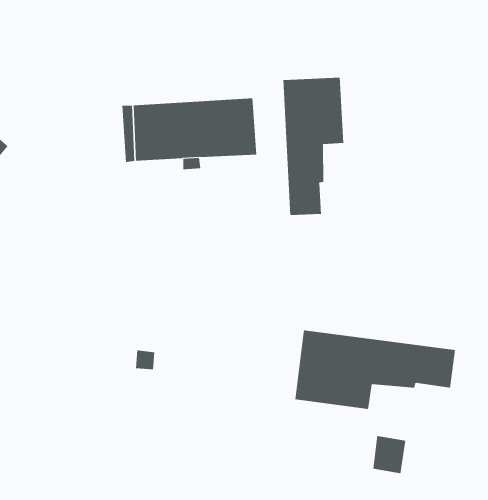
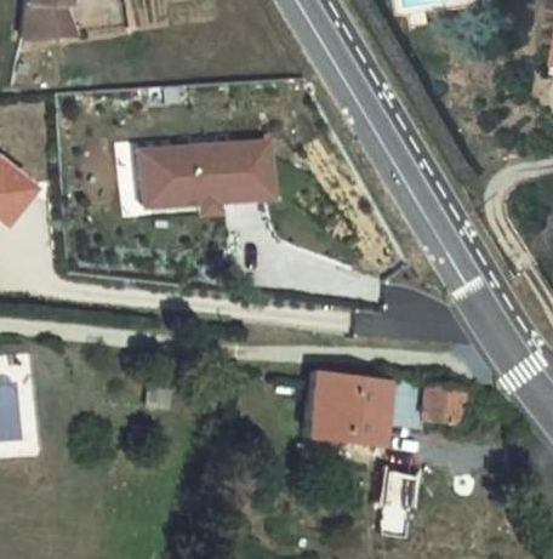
building: [283,77,344,216] -> none

